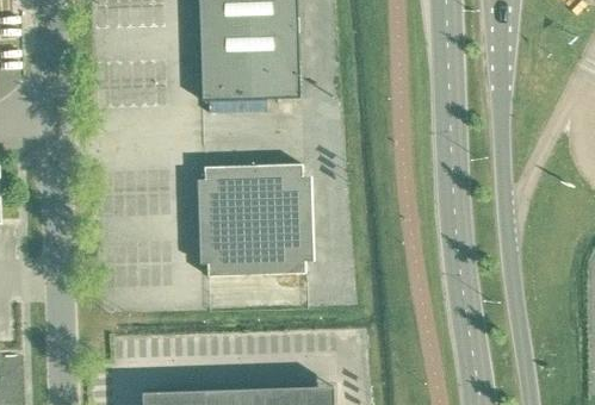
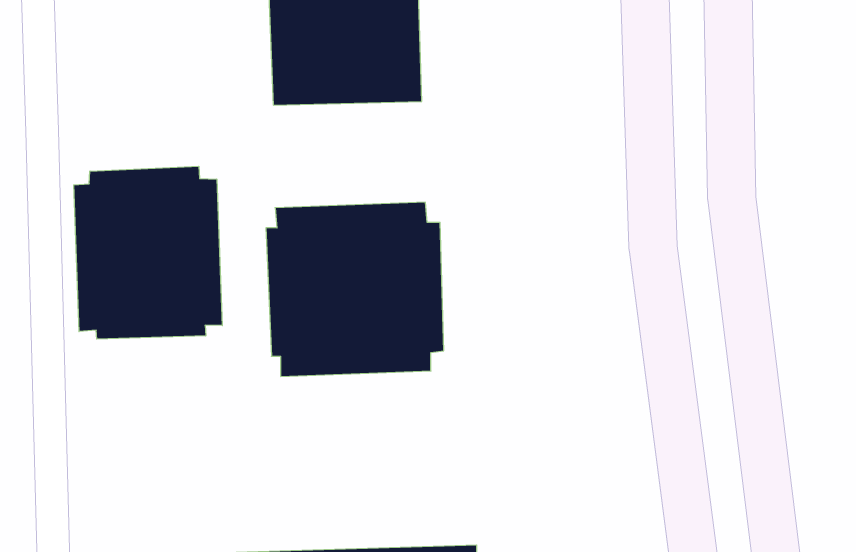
building: none -> [74,166,222,339]

